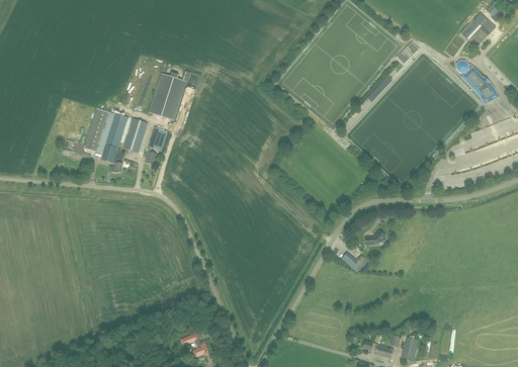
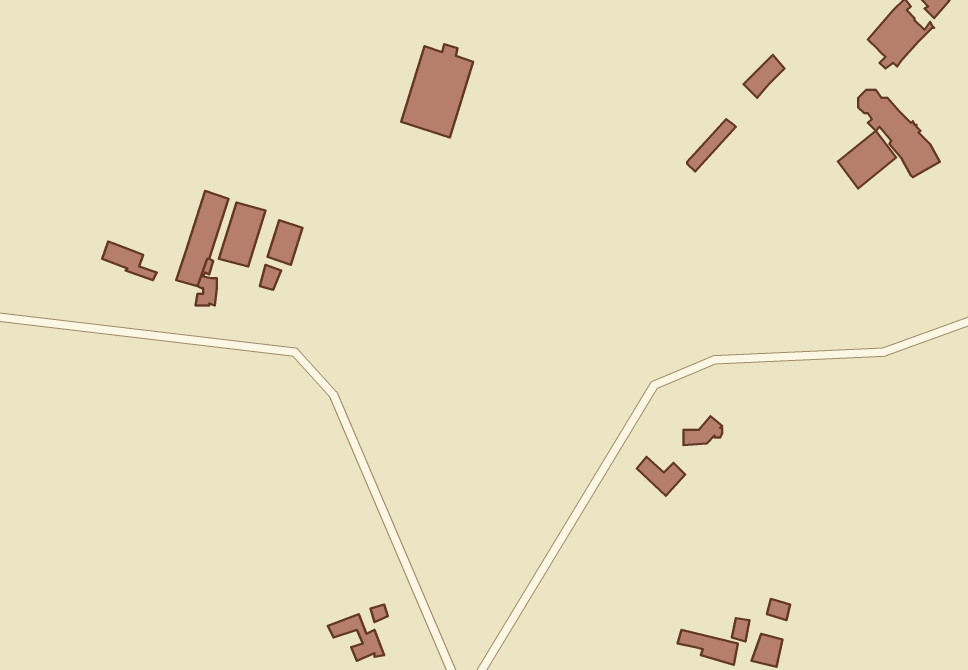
building: [148,72,185,120] -> [401,44,473,137]
building: none -> [838,131,896,188]
building: [85,108,113,153] -> none

